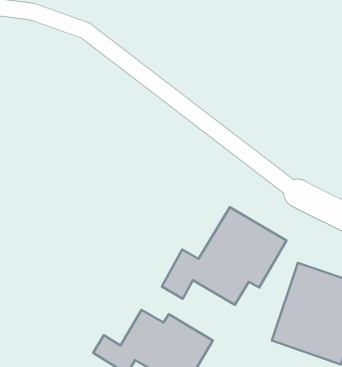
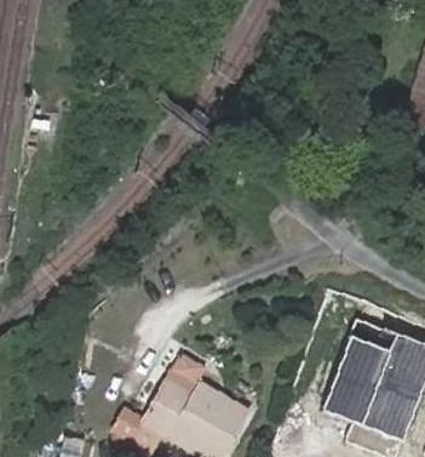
building: [162,207,286,305] -> none

